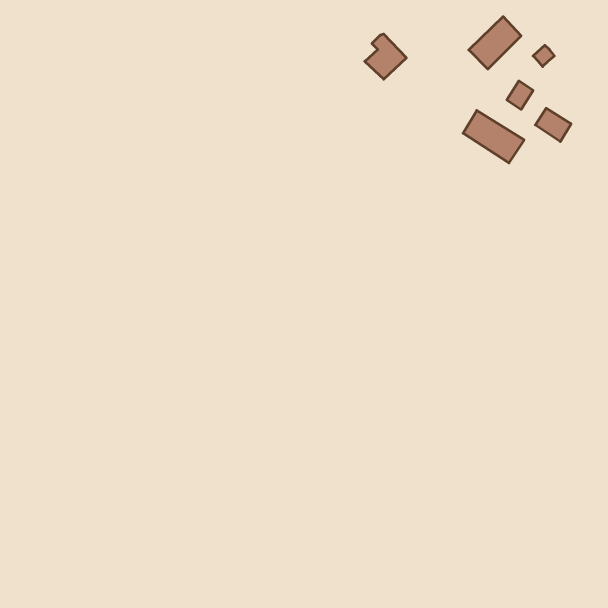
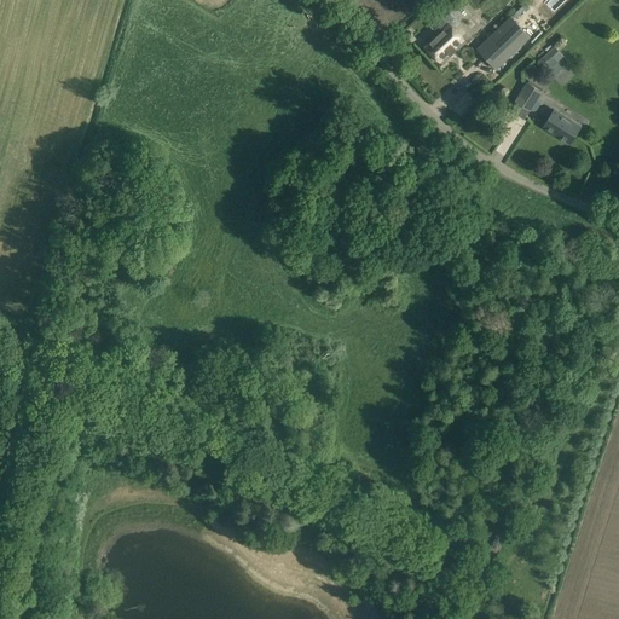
building: [365,34,406,79] -> [423,17,465,63]
building: [463,110,524,163] -> none

